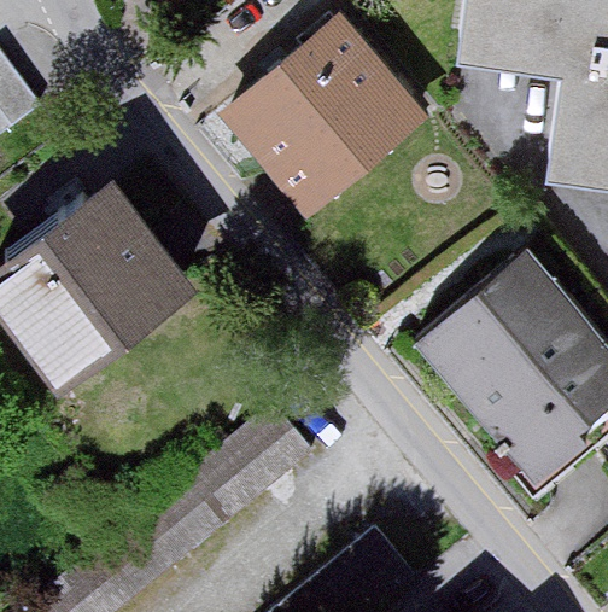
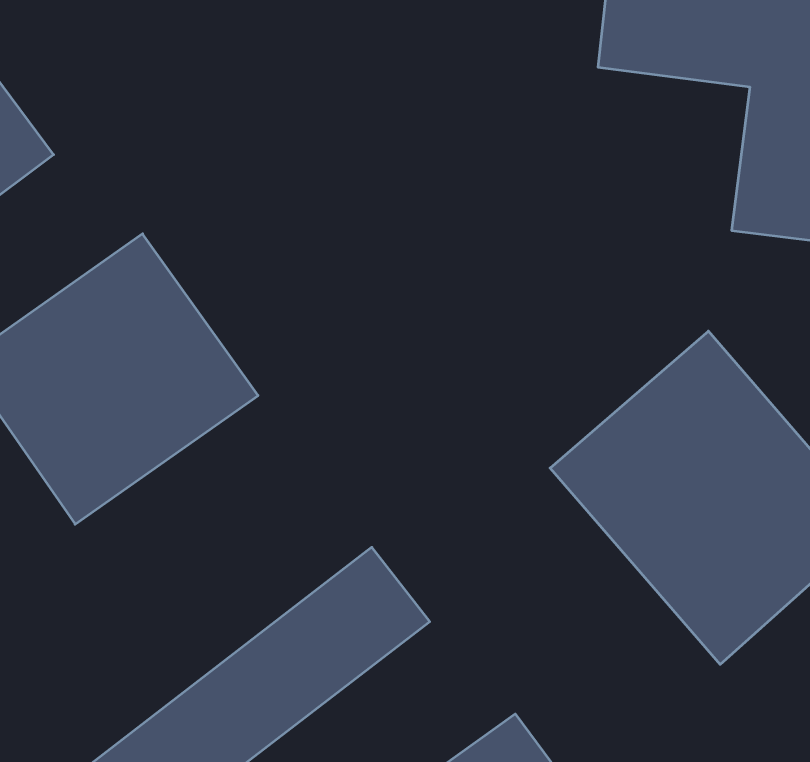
building: [218,14,429,222] -> none

